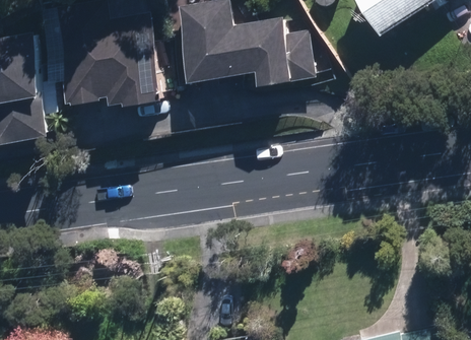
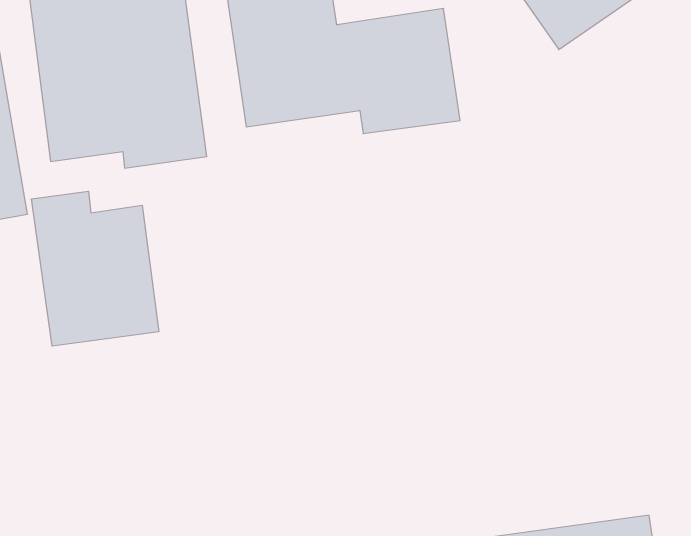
building: none -> [32,191,159,346]

